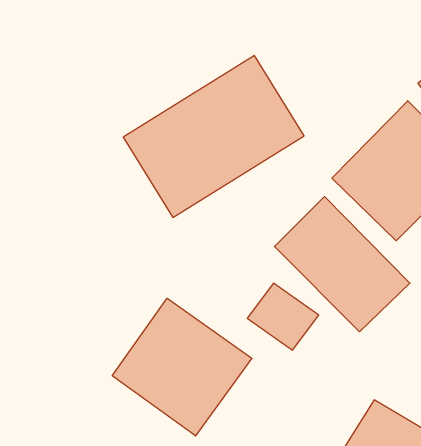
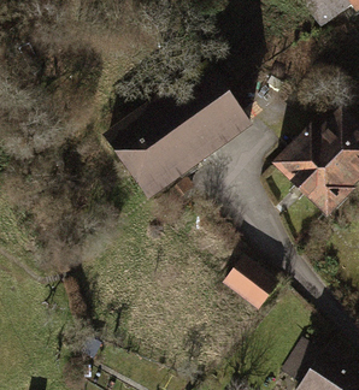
building: [274,197,410,332] -> none
building: [112,298,252,436] -> none

